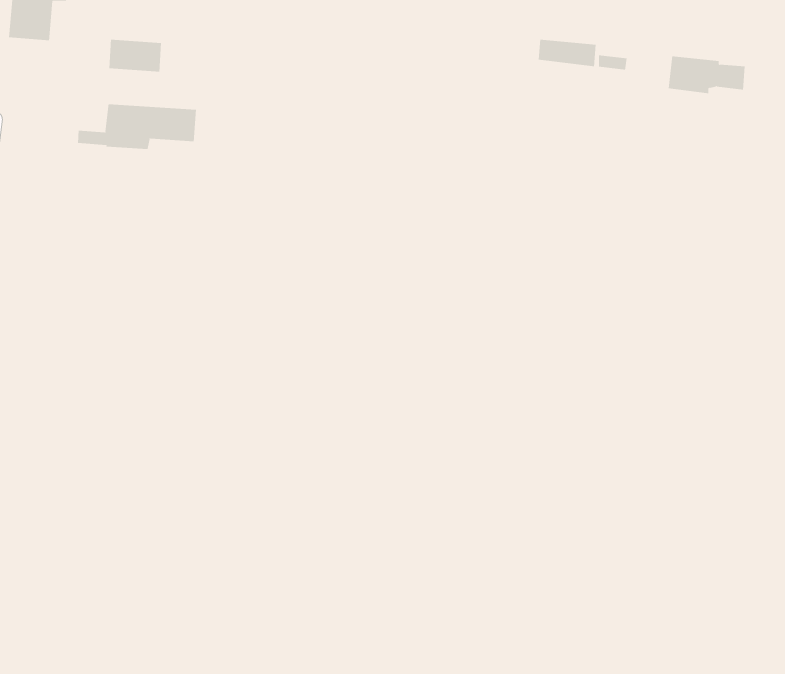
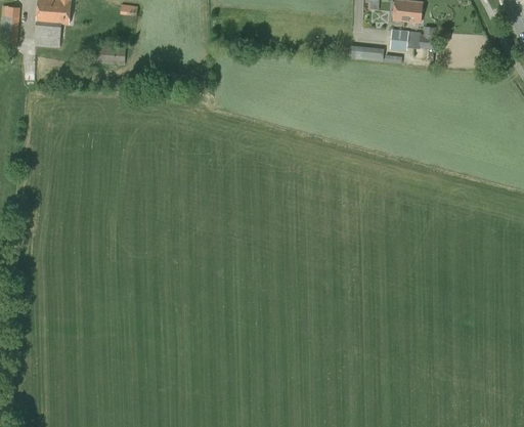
building: [668,56,746,94] -> [389,29,435,51]
building: [77,103,196,150] -> none

